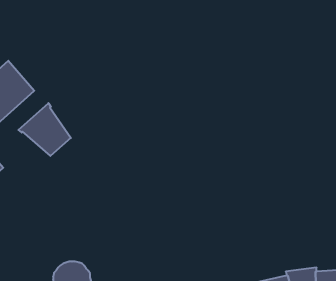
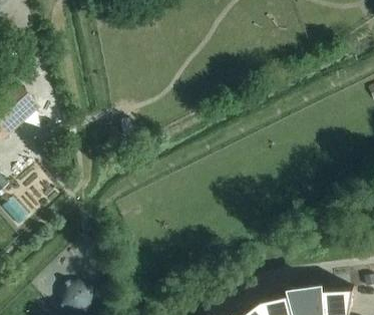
building: [18,103,71,156] -> none

